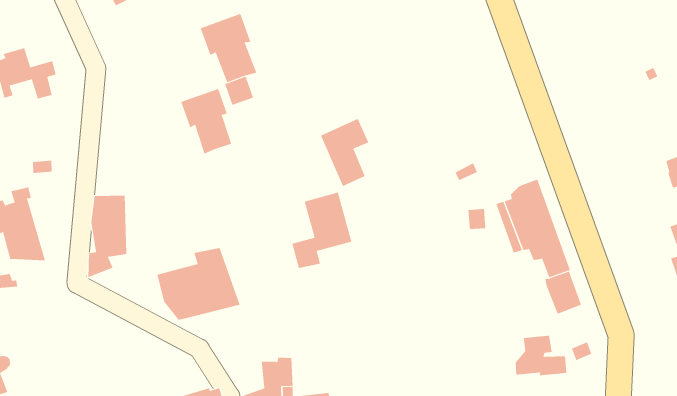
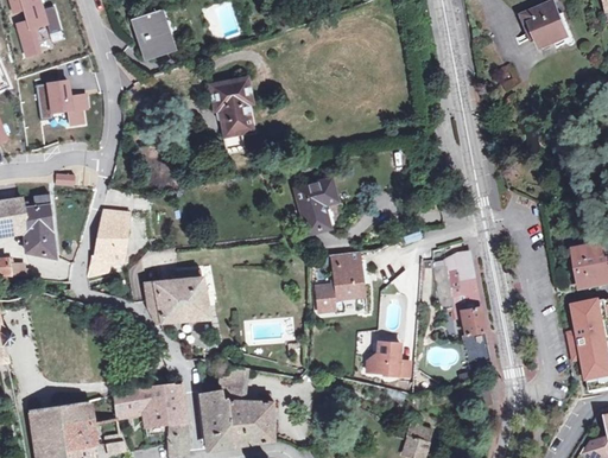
building: [181,88,232,154] -> none
building: [292,192,352,269] -> [315,252,365,310]
building: [515,335,567,376] -> [367,342,411,376]

